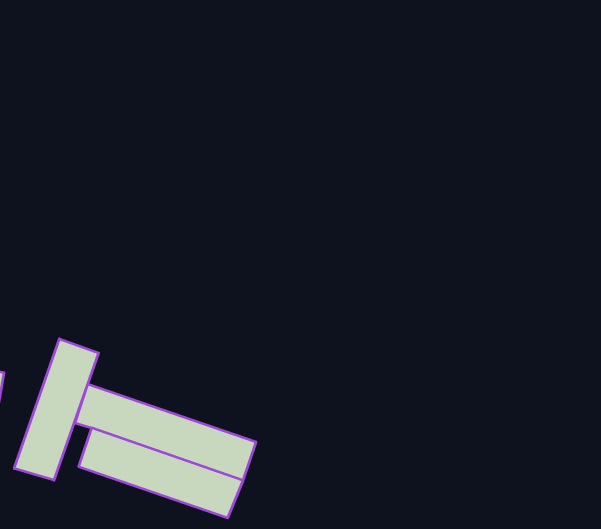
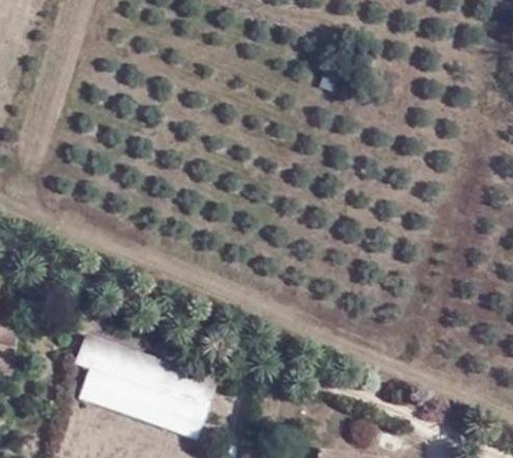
building: [14,339,99,480] -> none

